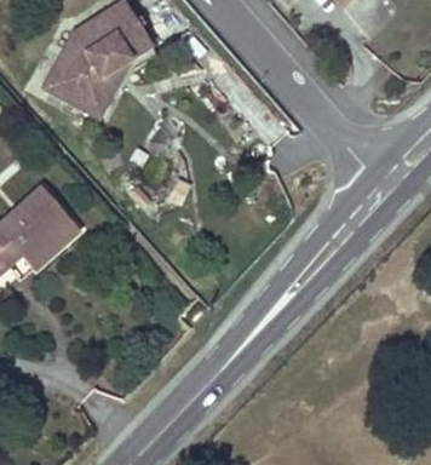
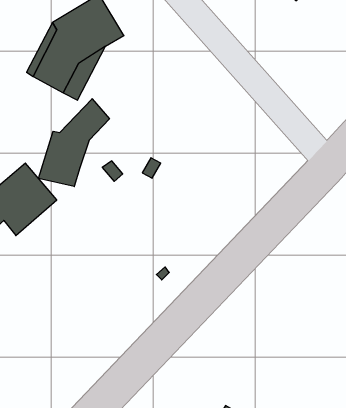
building: none -> [38,99,109,187]

